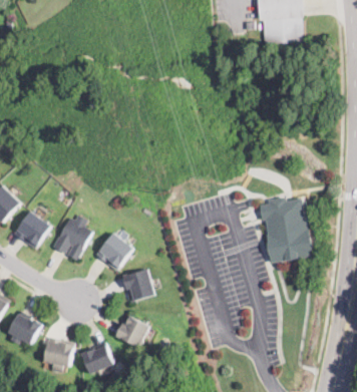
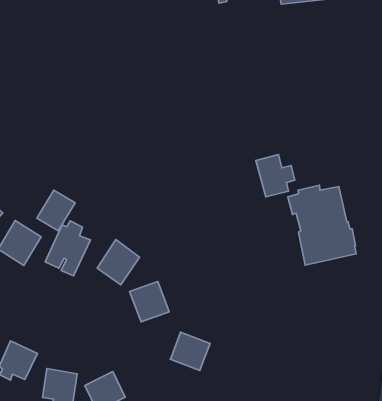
building: none -> [256,155,295,197]
building: none -> [37,190,75,231]
building: [115,314,149,347] -> [170,332,210,371]

